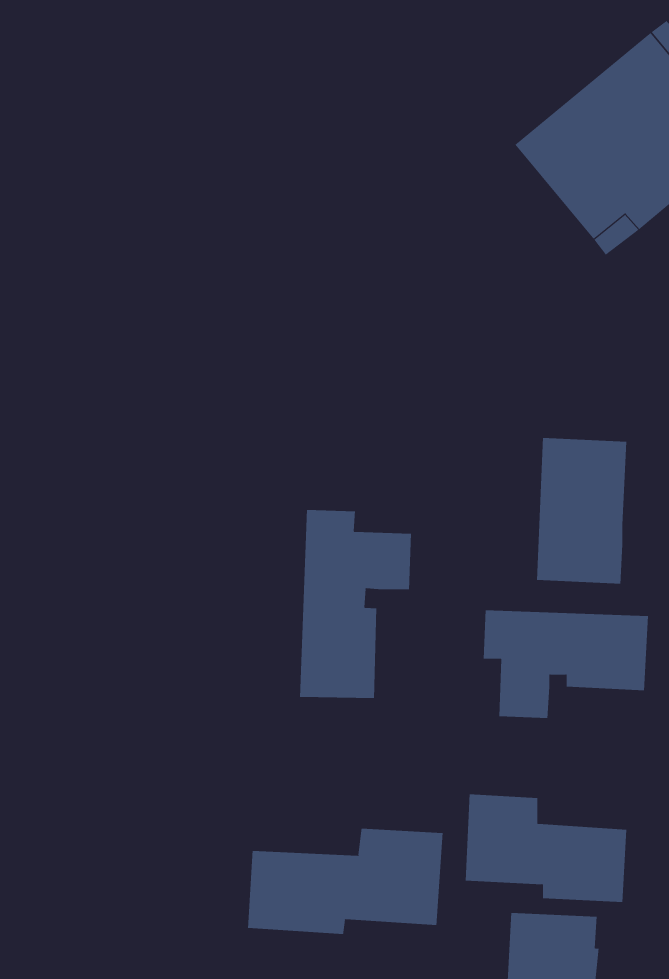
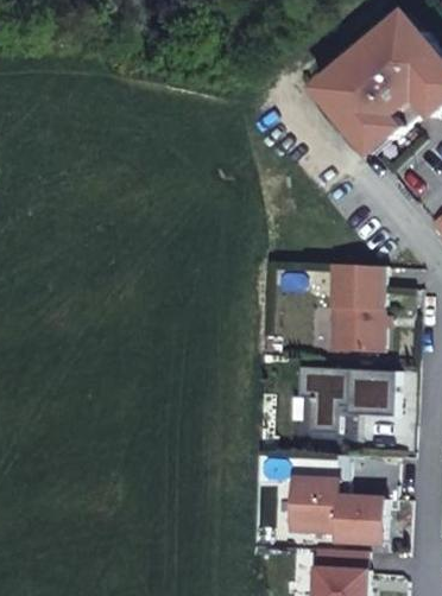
building: [300,509,411,699] -> none
building: [247,828,443,935] -> none

